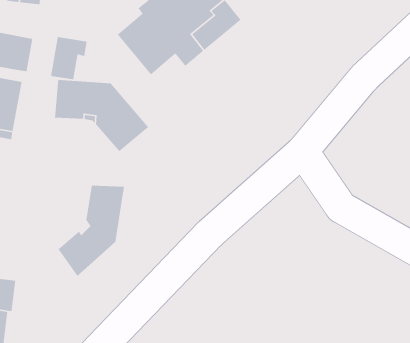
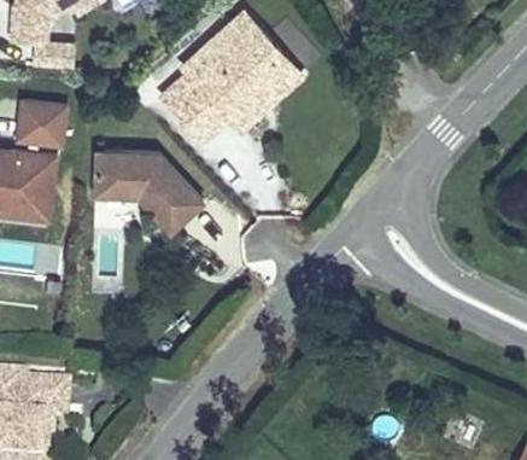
building: [50,36,88,80] -> none
building: [57,185,125,277] -> none

